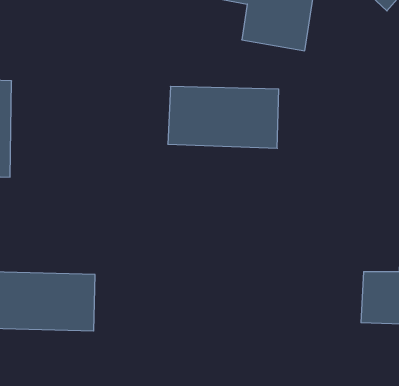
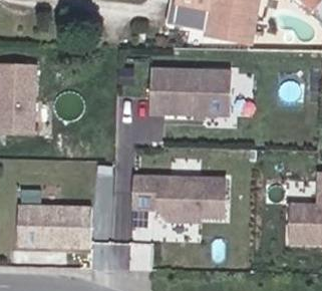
building: none -> [129,177,222,221]

